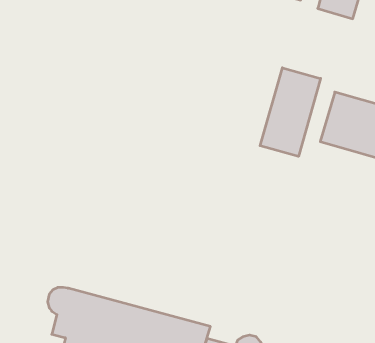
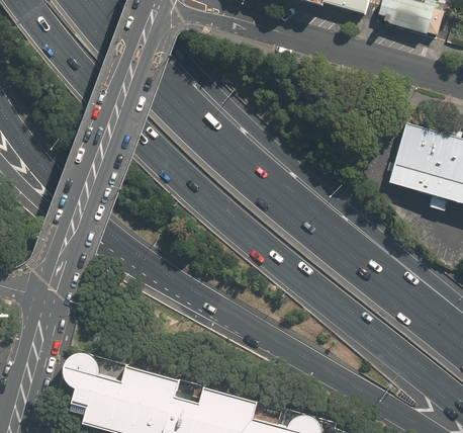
building: [260,68,321,156] -> none

